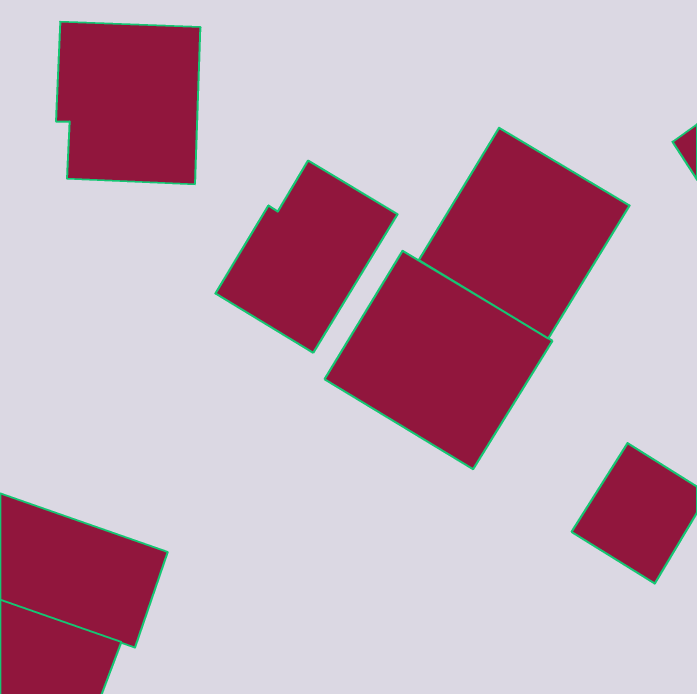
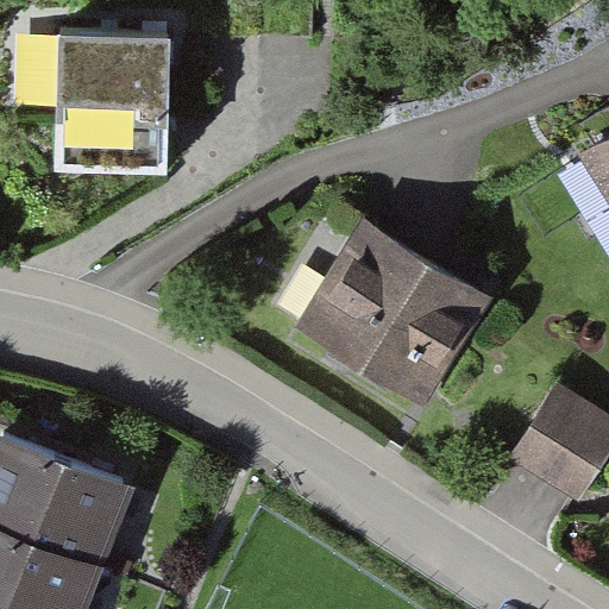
building: [419,128,630,338] -> none
building: [215,161,398,353] -> none

